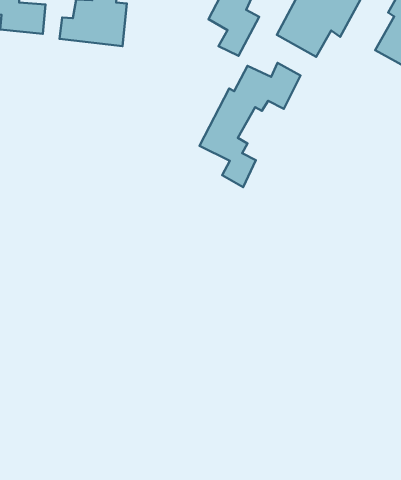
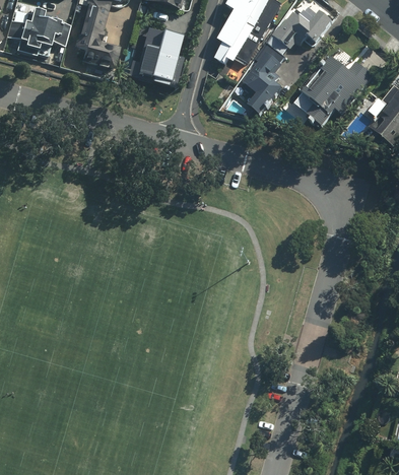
building: [200,63,301,187] -> none

